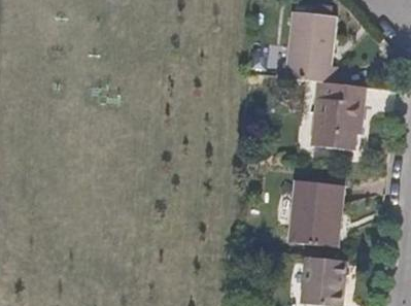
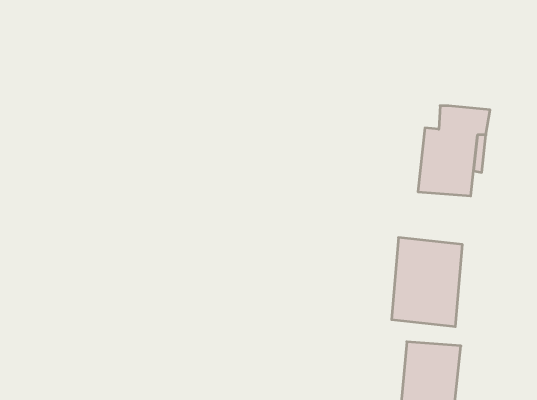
building: [282,10,339,81] -> none

